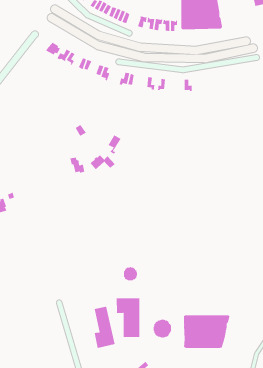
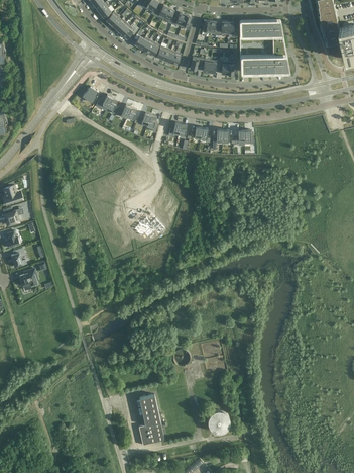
building: [116,297,140,338] -> none
building: [183,314,230,349] -> none

